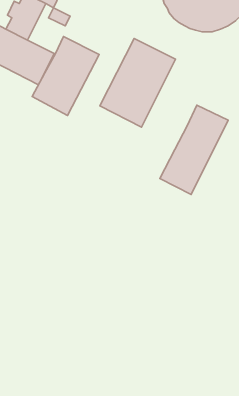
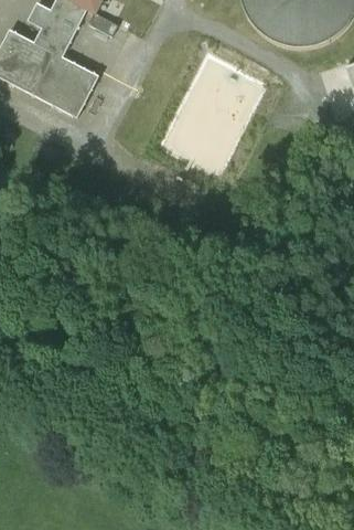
building: [32,37,99,115] -> none
building: [160,105,228,195] -> none

